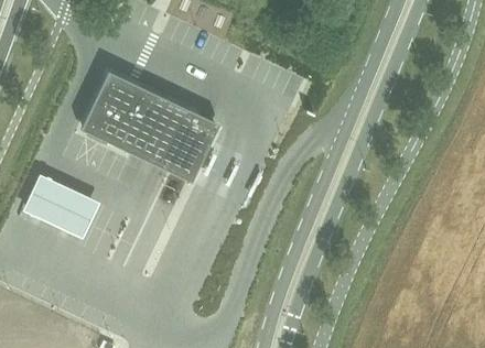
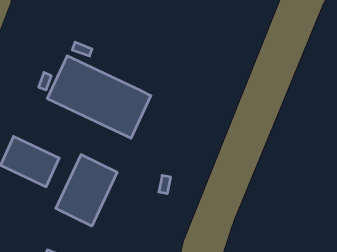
building: none -> [56,155,117,226]

